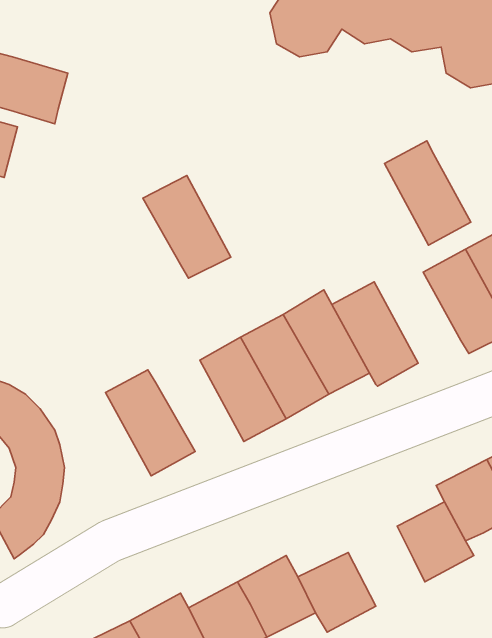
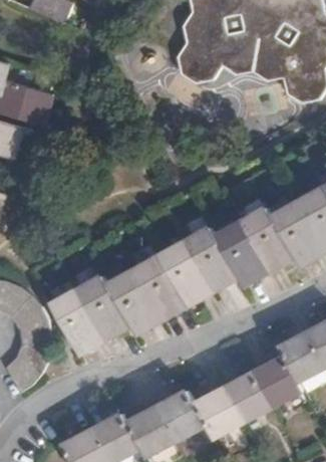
building: [385,141,471,245] -> [240,207,293,271]
building: [143,176,231,278] -> [105,269,159,332]
building: none -> [49,289,102,354]
building: none -> [224,372,271,421]

